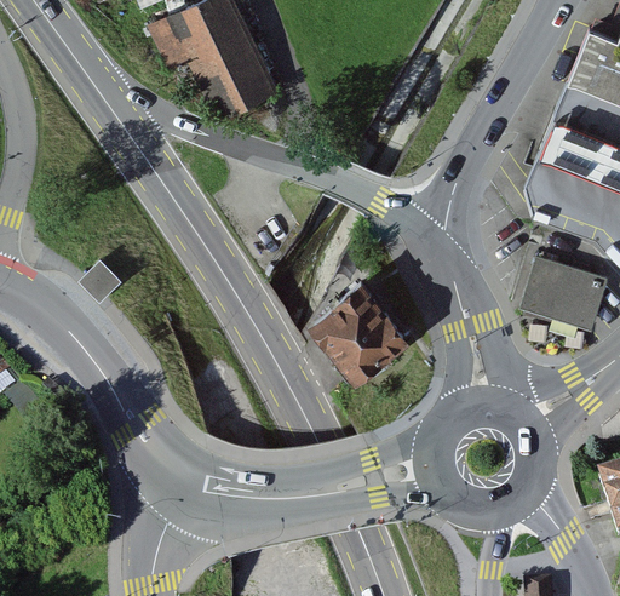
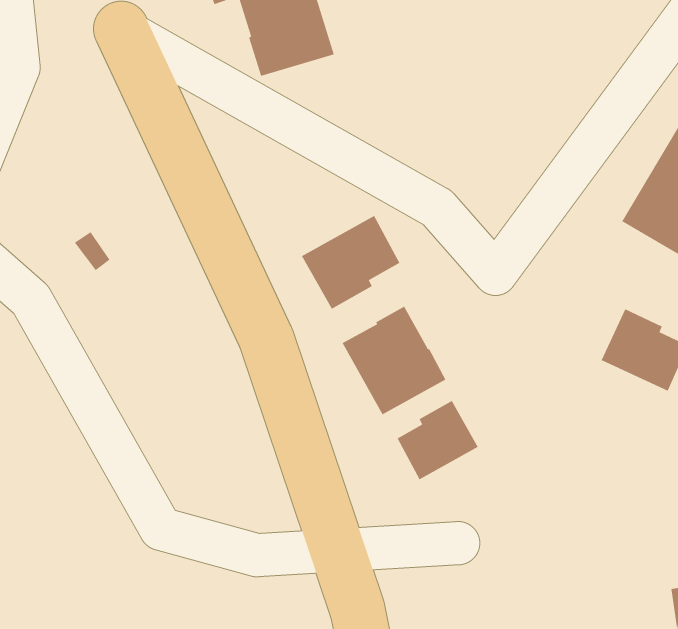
building: none -> [301,215,400,310]
building: none -> [396,400,479,481]

